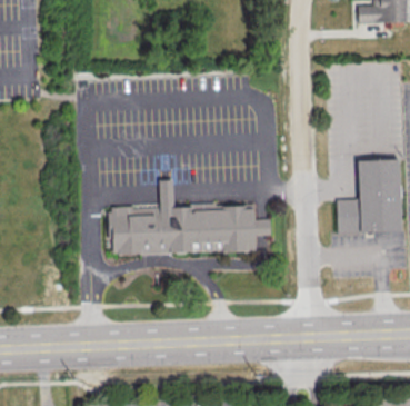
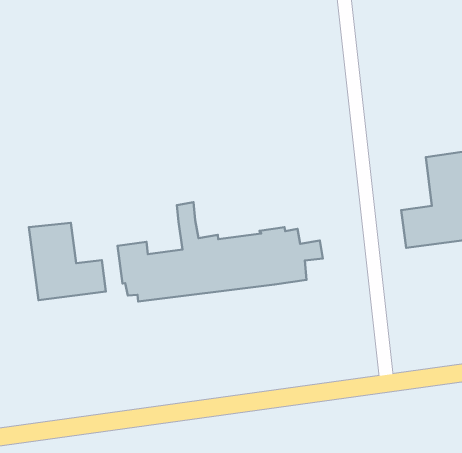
building: none -> [29,223,106,300]

